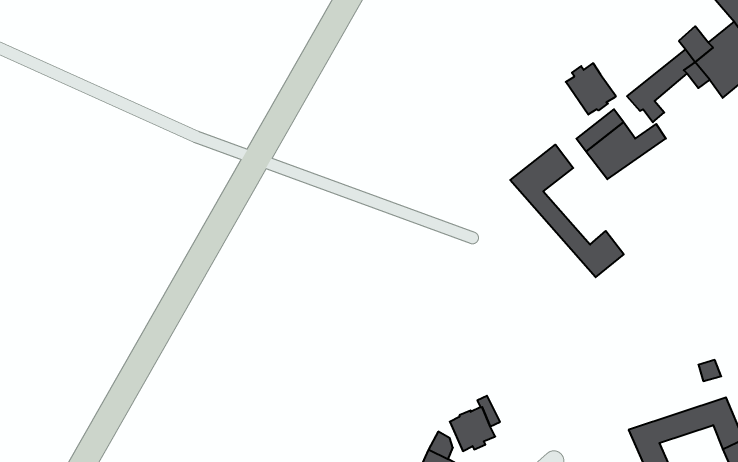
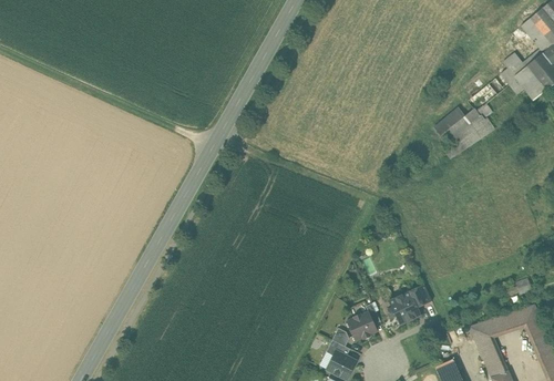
building: [566,63,616,115] -> none
building: [510,145,624,277] -> none
building: none -> [388,285,432,326]

